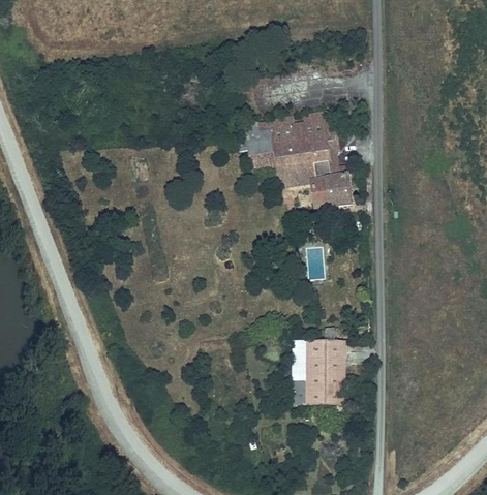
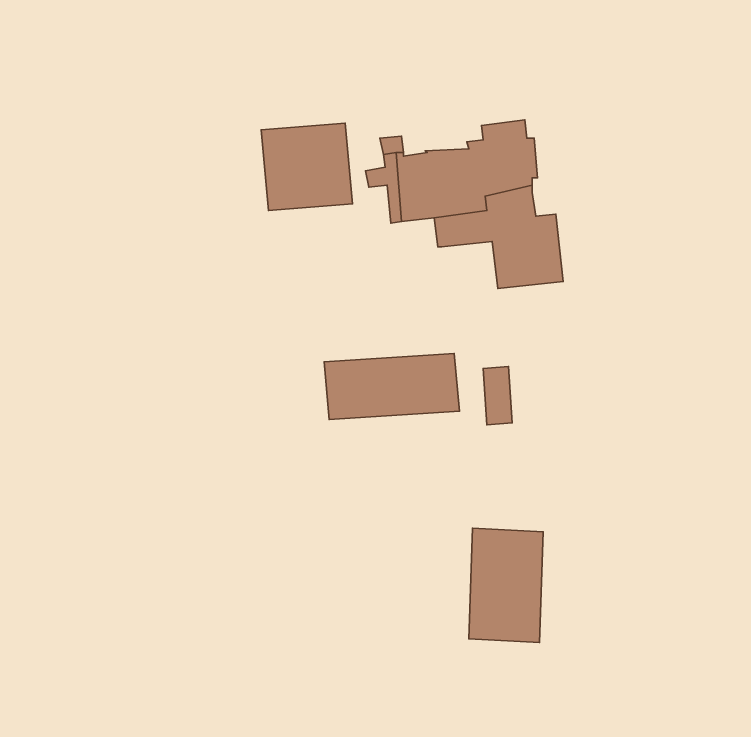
building: none -> [261,123,352,210]
building: none -> [324,354,459,420]

